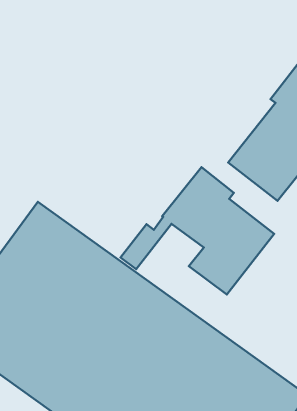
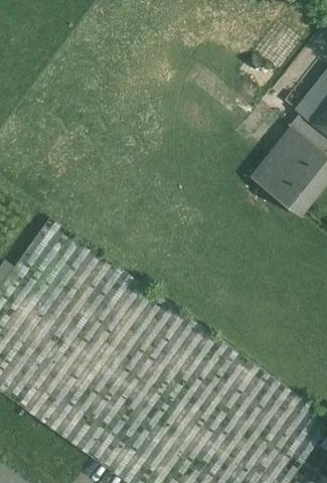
building: [120,167,274,294] -> none

